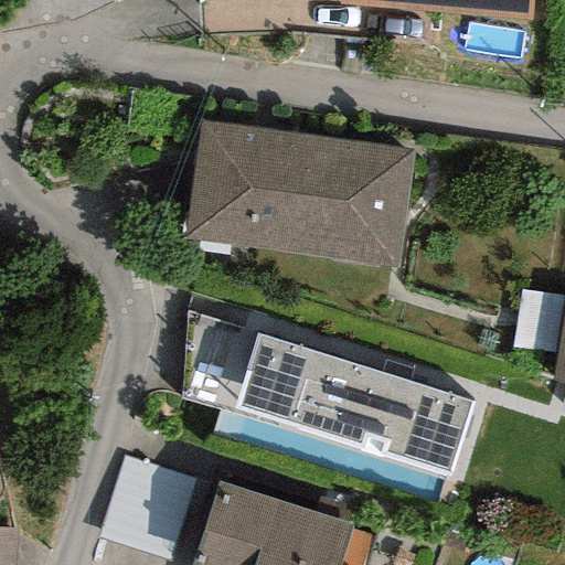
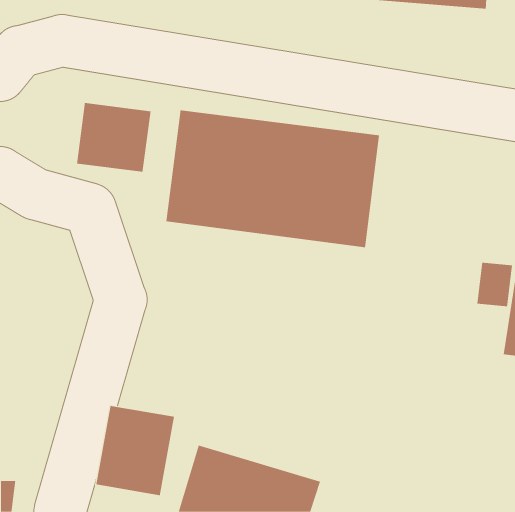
building: none -> [76,102,151,173]
building: [184,312,470,472] -> none

